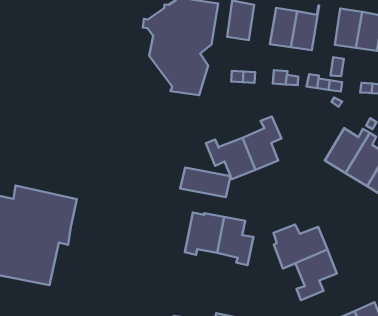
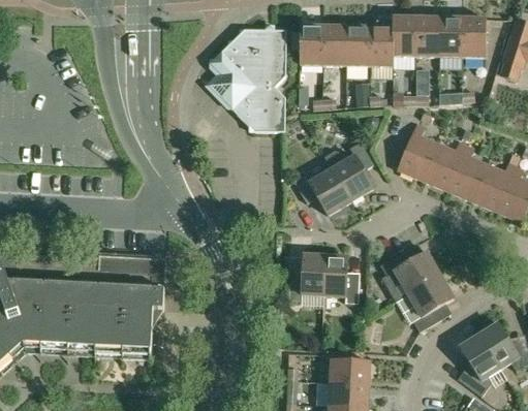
building: none -> [323,26,347,65]
building: none -> [392,17,415,65]
building: none -> [397,123,438,180]
building: [180,167,231,197] -> none

